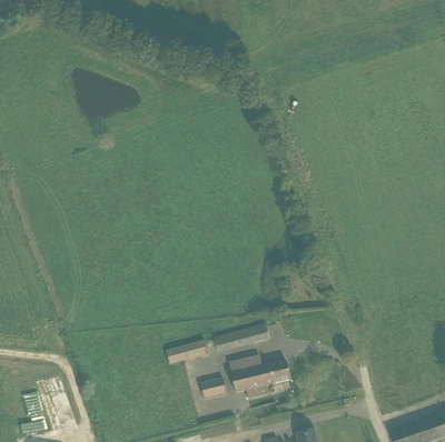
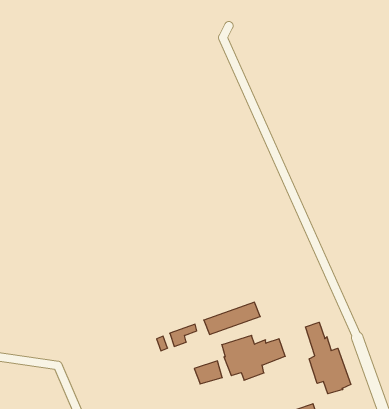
building: none -> [306,322,351,394]

